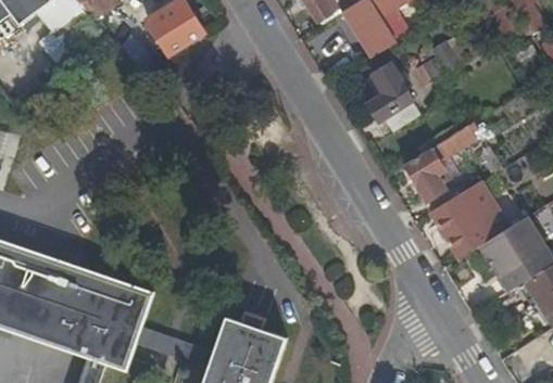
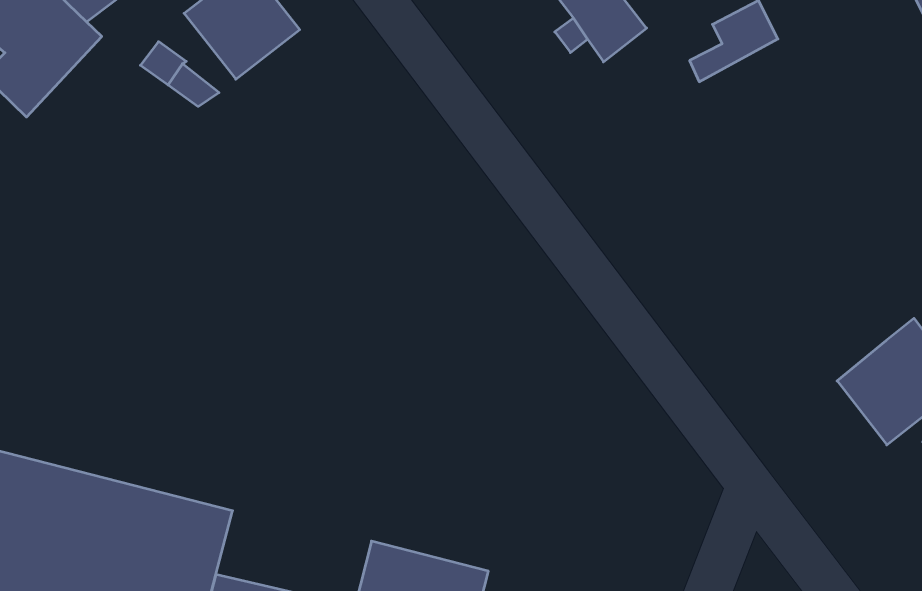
building: [368,64,417,126] -> none
building: [405,126,476,205] -> none
building: [433,182,510,255] -> none

